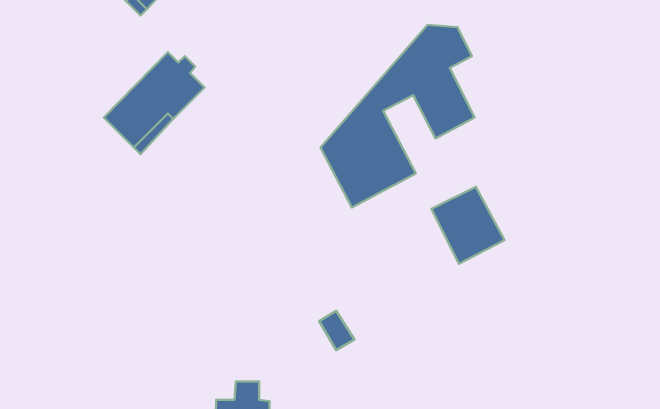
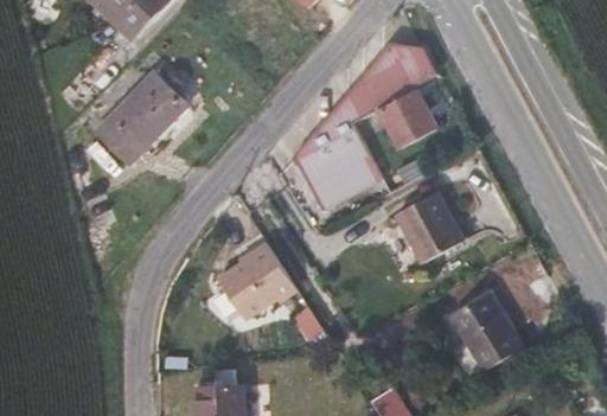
building: none -> [218,242,296,320]
building: none -> [452,293,522,371]

